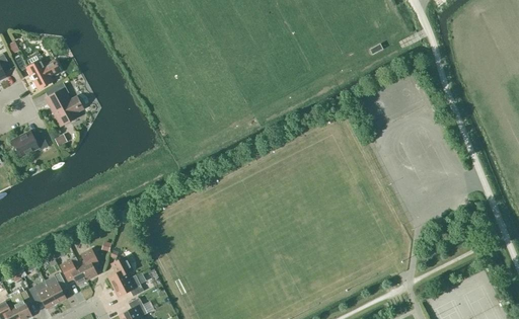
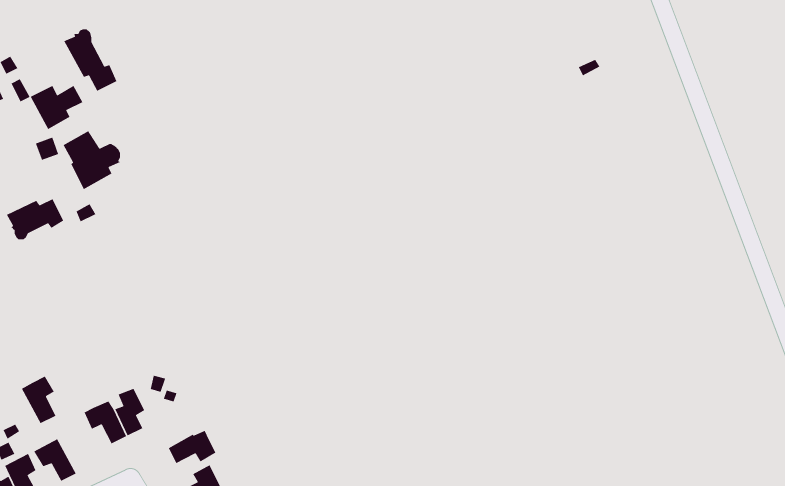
building: none -> [63,29,118,92]
building: [107,255,132,287] -> none
building: [44,272,66,303] -> [21,376,56,424]

